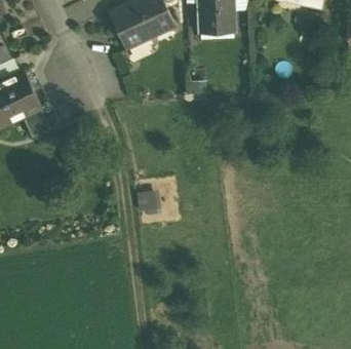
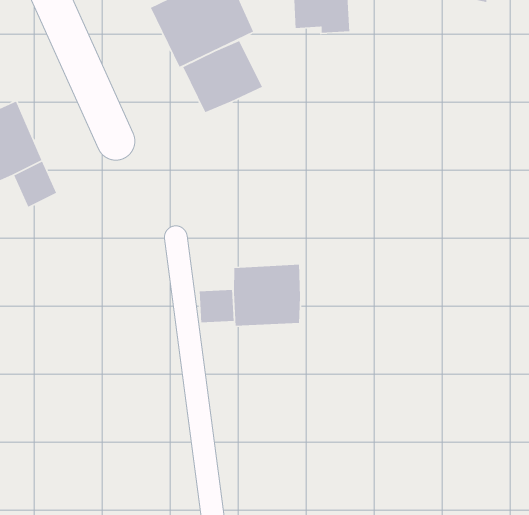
building: none -> [182,40,263,113]
building: none -> [233,264,301,327]

